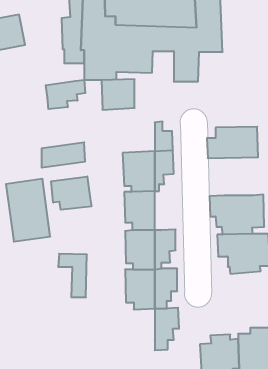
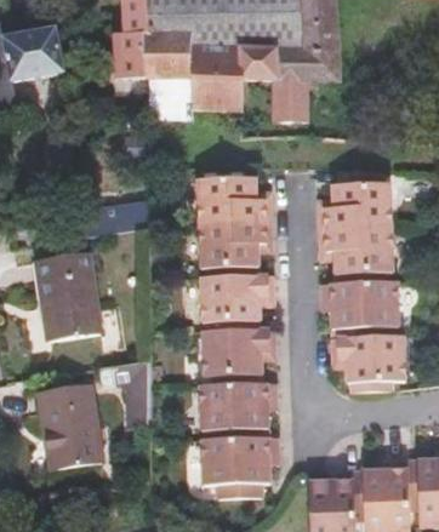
building: [101,79,135,110] -> [199,177,245,219]
building: [46,80,85,109] -> none
building: none -> [319,225,392,279]
building: [51,176,91,210] -> none
building: none -> [245,273,273,327]
building: none -> [44,389,104,474]
building: none -> [205,436,245,496]

